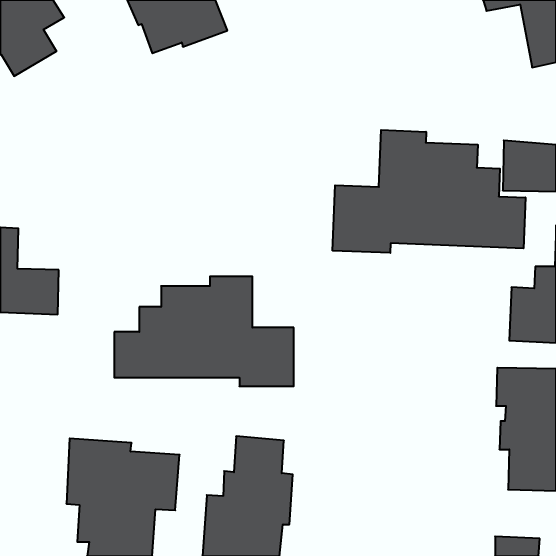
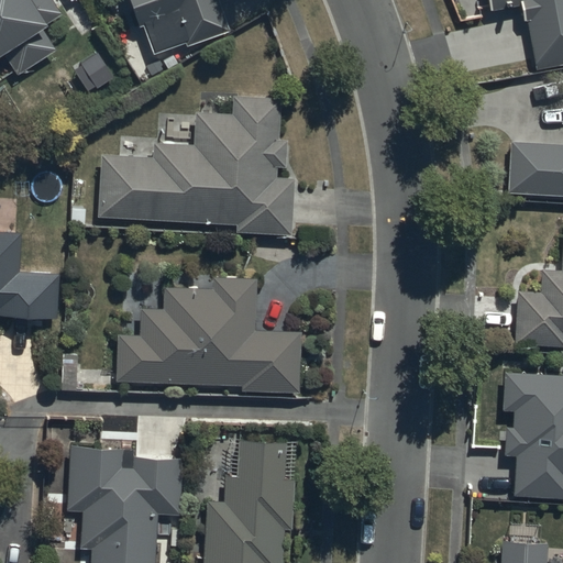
building: none -> [98,97,291,235]
building: [333,130,525,253] -> none

